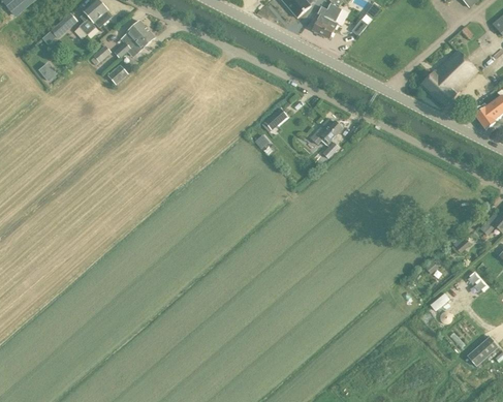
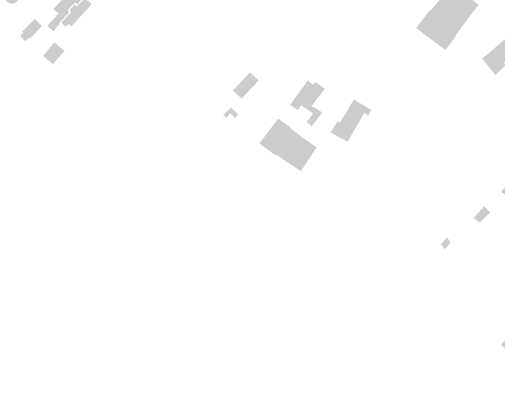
building: none -> [330,99,372,143]
building: none -> [258,117,317,172]

